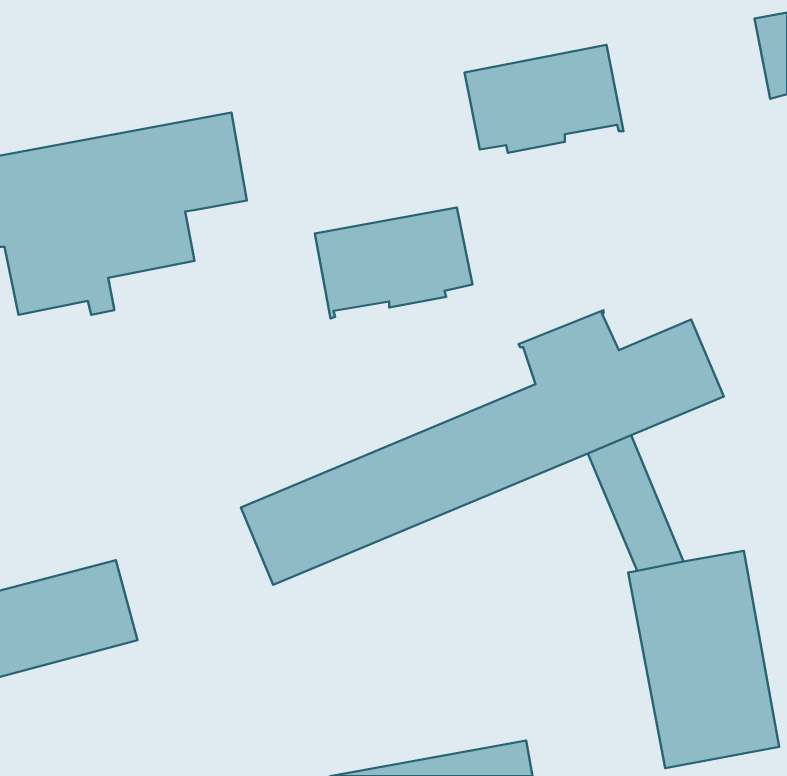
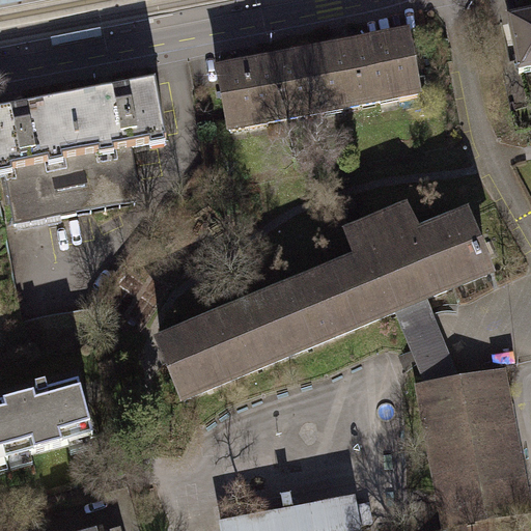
building: [315,207,472,318] -> [217,49,323,123]
building: none -> [73,141,142,207]

